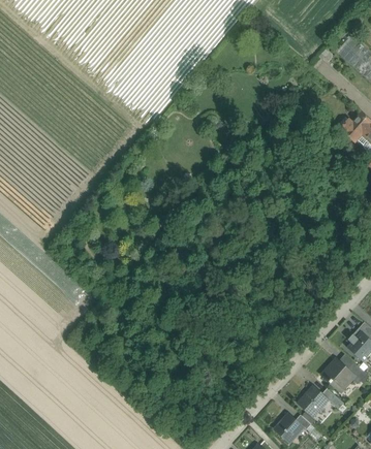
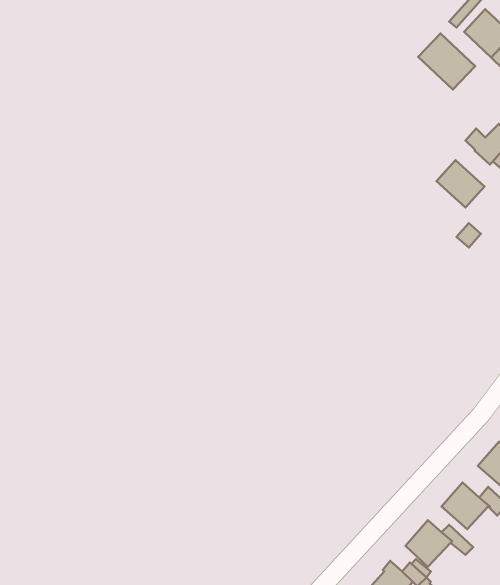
building: none -> [418,33,475,89]
building: none -> [436,160,485,207]

